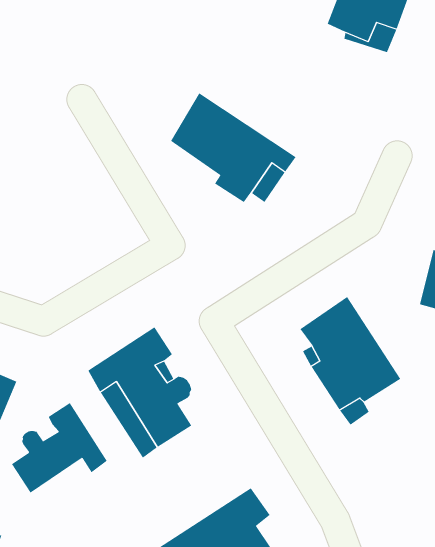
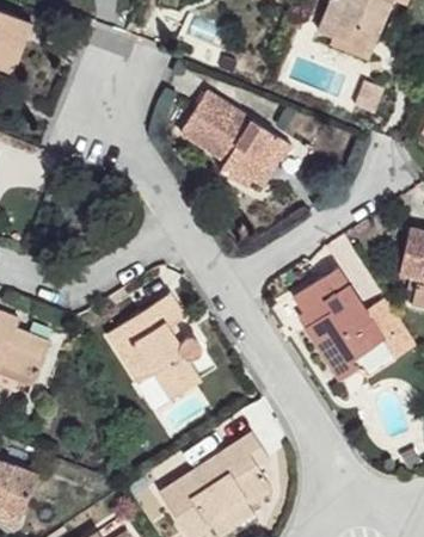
building: [11,402,108,493] -> none

